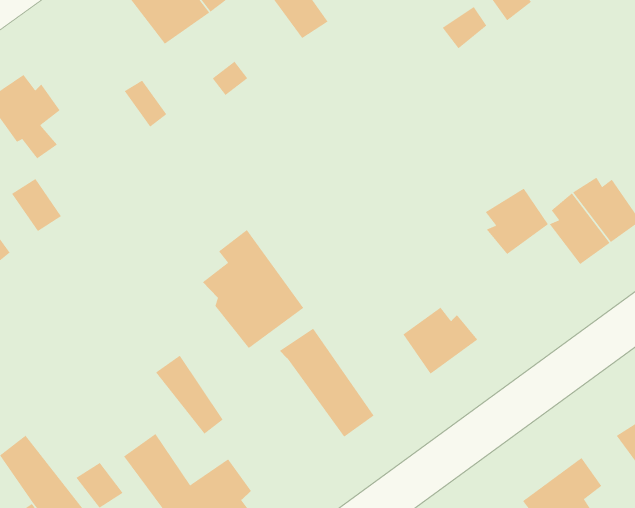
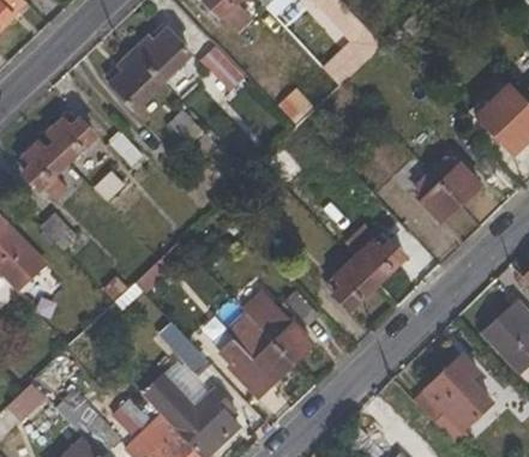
building: none -> [48,118,96,162]
building: [485,188,549,255] -> [359,234,404,282]
building: [202,229,304,349] -> [221,313,294,396]

